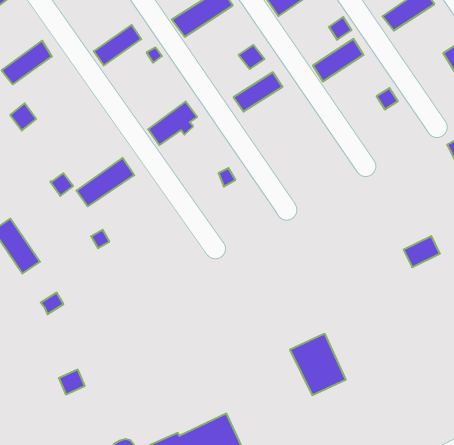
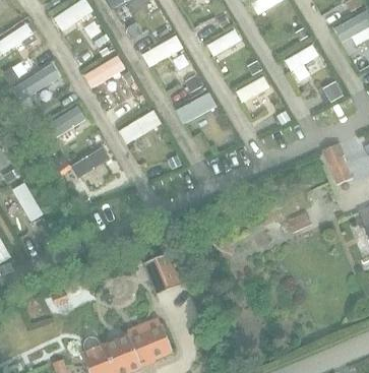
building: none -> [47,105,86,138]
building: [290,334,346,395] -> [144,253,181,294]

